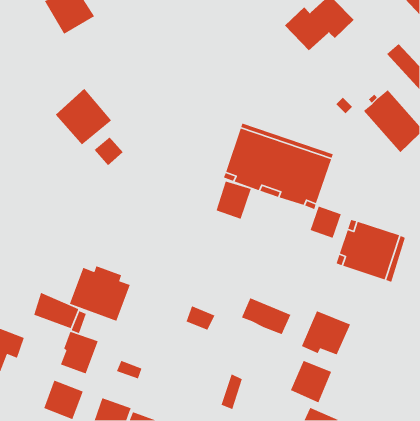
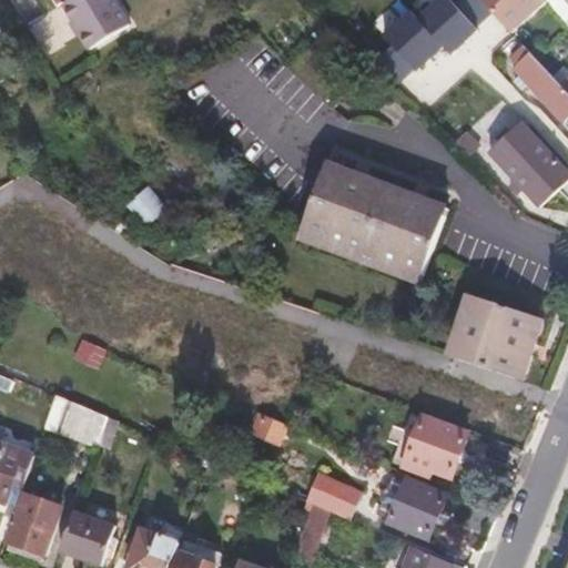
building: [55,88,112,146] -> none
building: [215,181,252,220] -> none
building: [310,205,342,239] -> none
building: [69,265,131,322] -> none
building: [241,297,291,335] -> [295,467,363,518]
building: [60,331,99,375] -> [6,494,58,552]

